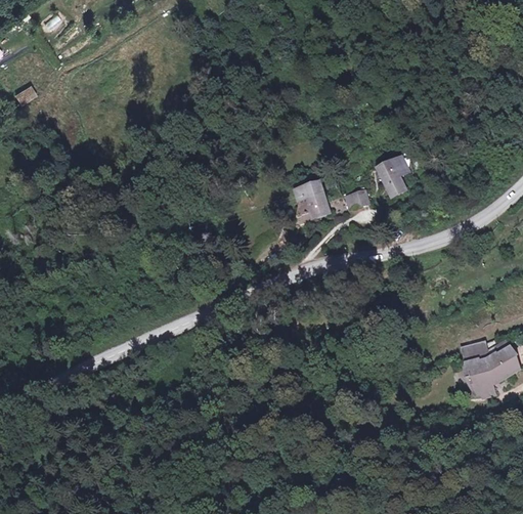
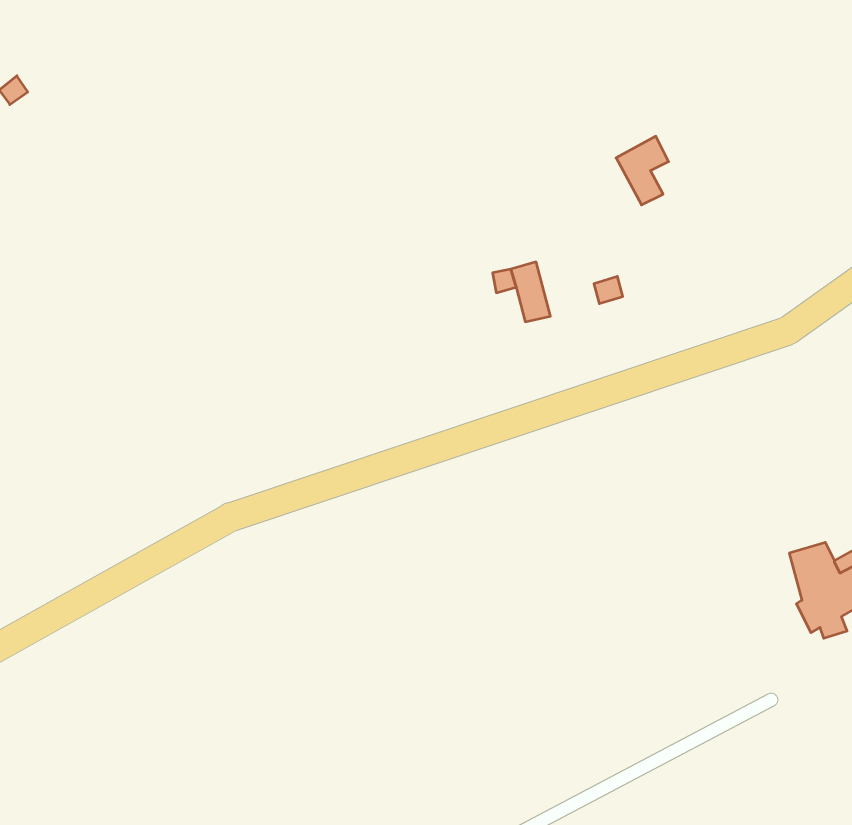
building: [378,157,407,196] -> [616,136,669,205]

